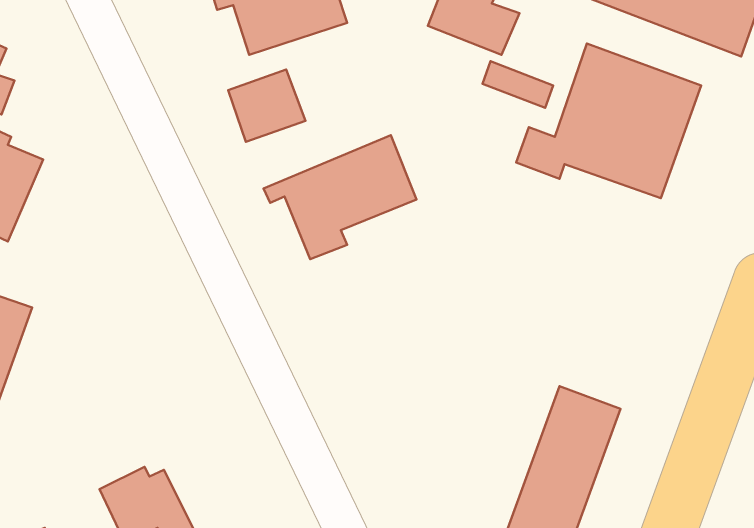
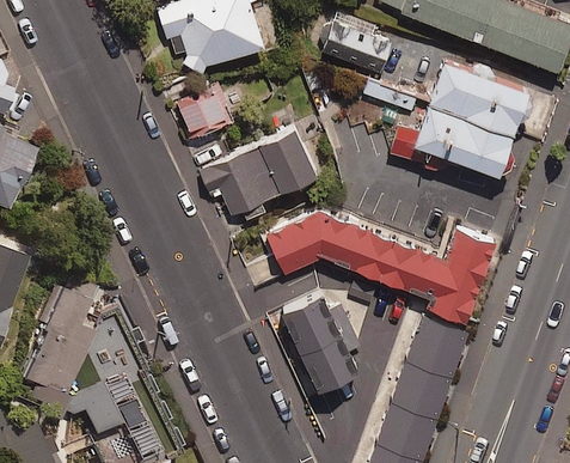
building: none -> [264,212,494,323]
building: none -> [23,275,98,408]
building: none -> [281,294,360,392]

